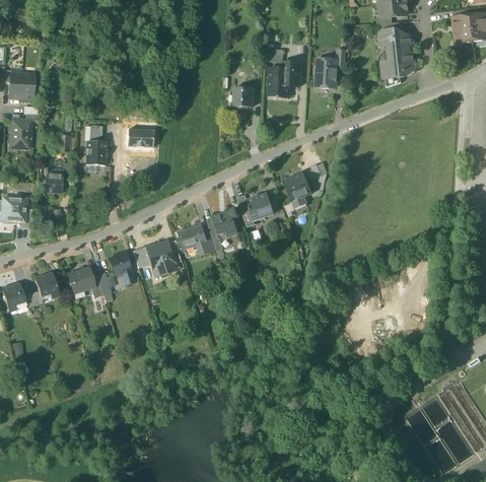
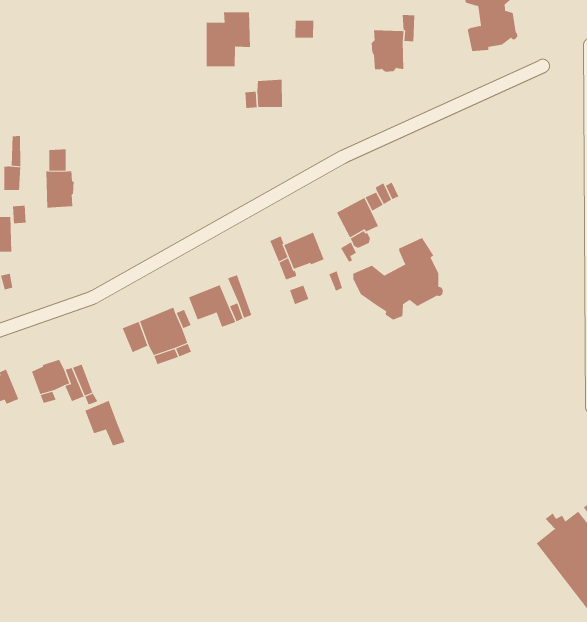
building: [268,61,300,98] -> [206,12,251,67]
building: [127,128,153,146] -> none
building: none -> [353,237,443,320]
building: [212,212,237,235] -> none
building: [108,252,134,283] -> [85,400,126,446]

